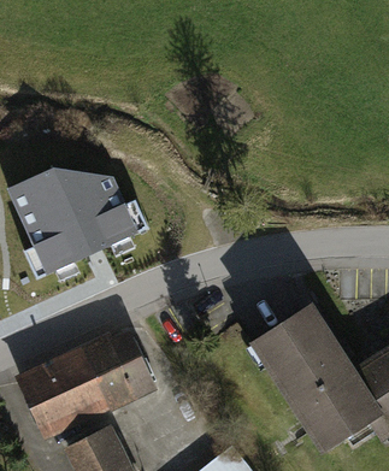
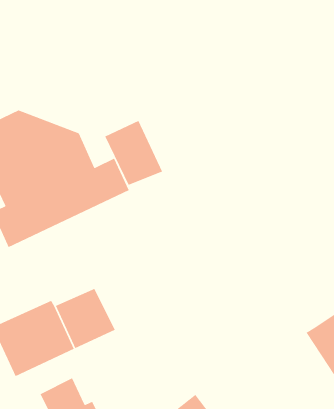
building: none -> [104,120,163,186]
building: [257,306,369,447] -> none

